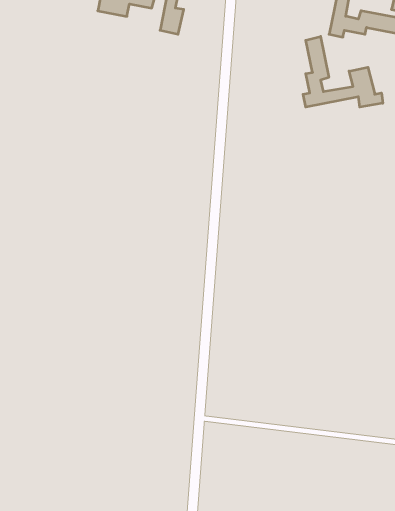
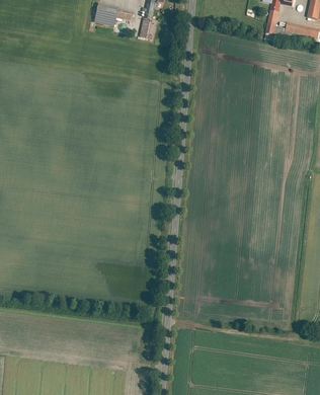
building: [303,36,383,107] -> none

